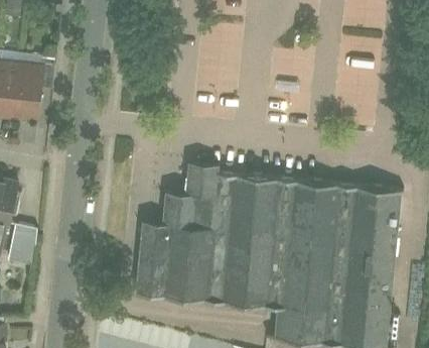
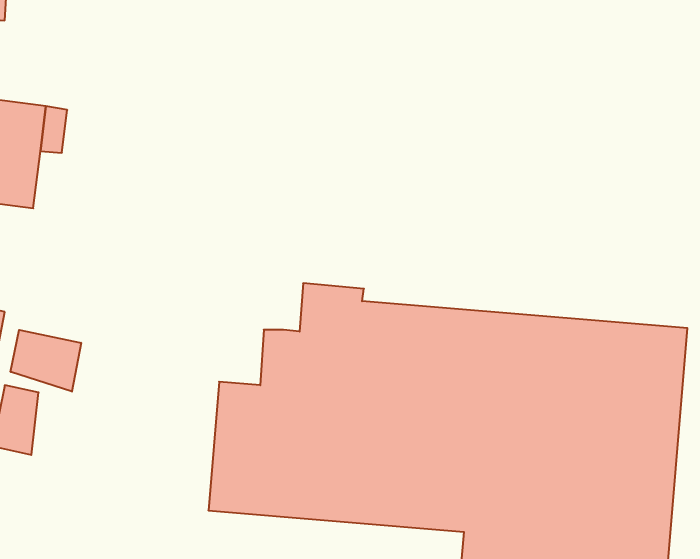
building: none -> [11,330,81,392]

